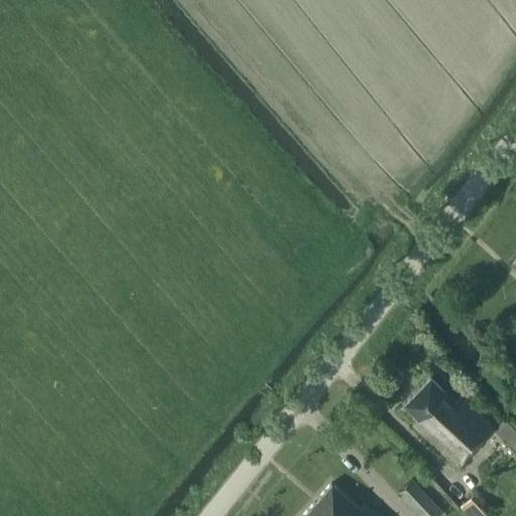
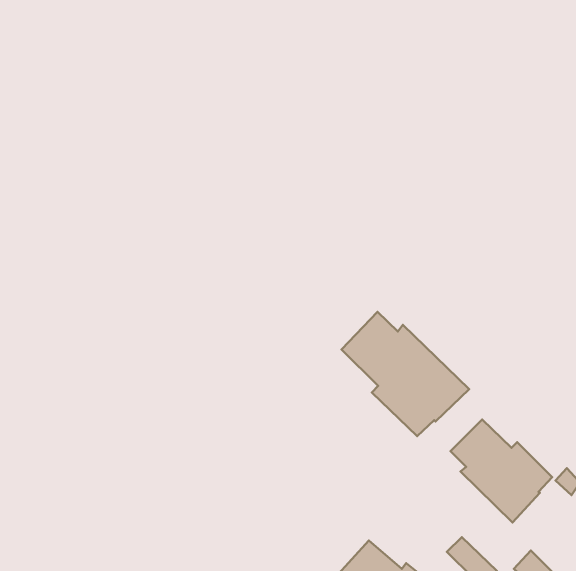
building: none -> [341,312,469,436]

